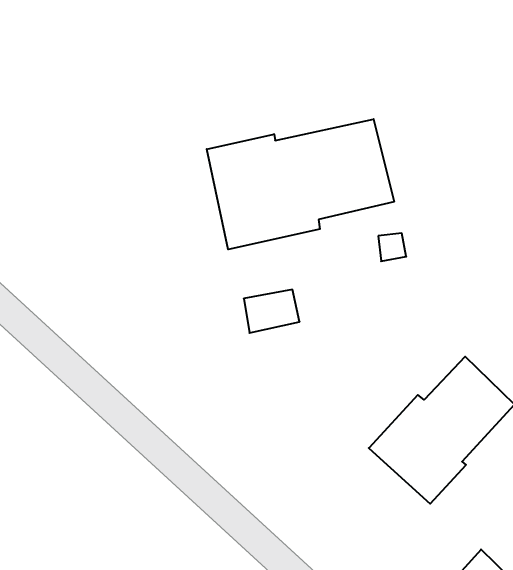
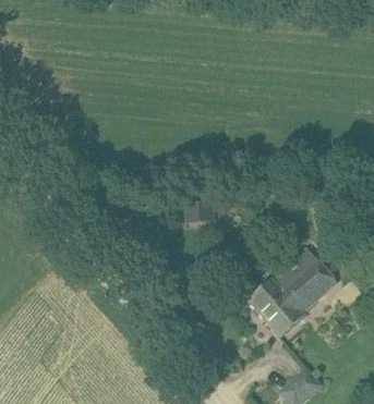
building: [207,119,394,249] -> none

